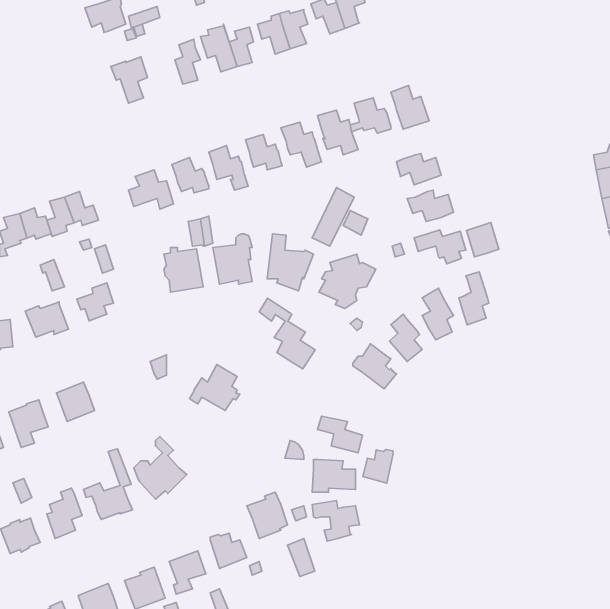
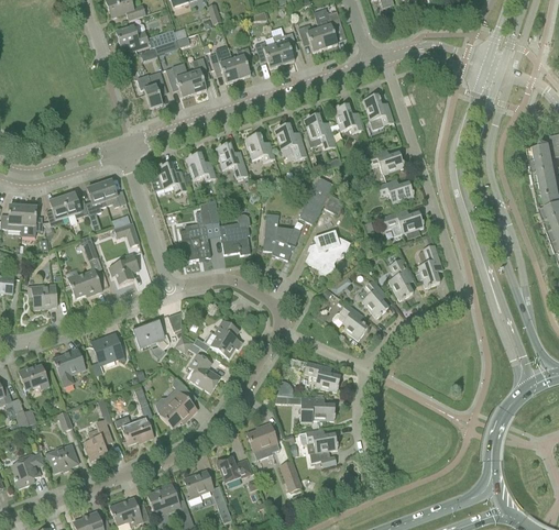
building: none -> [166,62,195,97]
building: [466,223,499,257] -> none
building: [259,298,315,369] -> [175,334,220,391]
building: none -> [132,318,169,350]
building: [363,450,393,483] -> none

